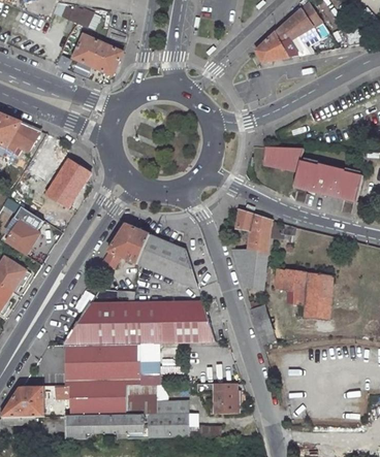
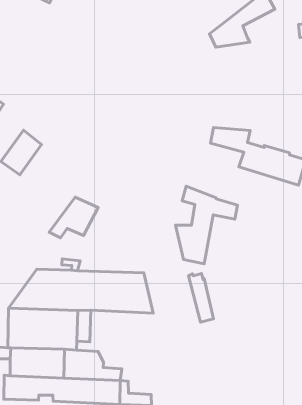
building: [72,32,122,73] -> none
building: [137,235,197,289] -> none
building: [272,268,331,319] -> none
building: [194,383,236,413] -> none

